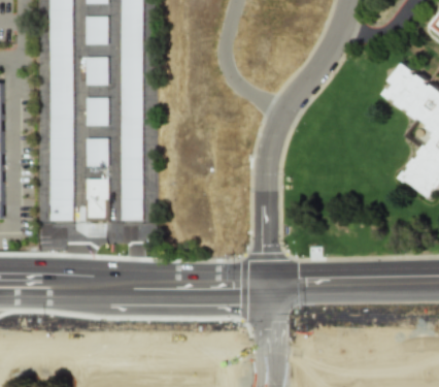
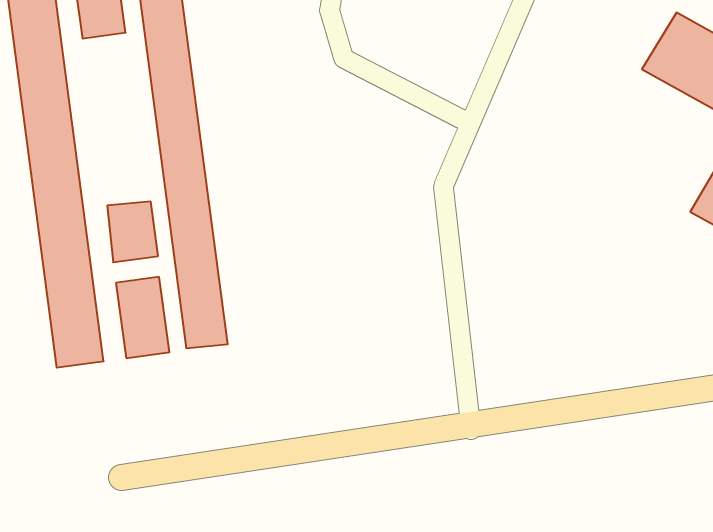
building: [87,47,110,78] -> none
building: [85,90,109,121] -> none

